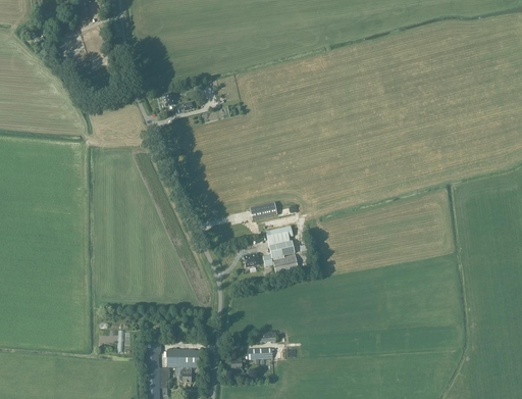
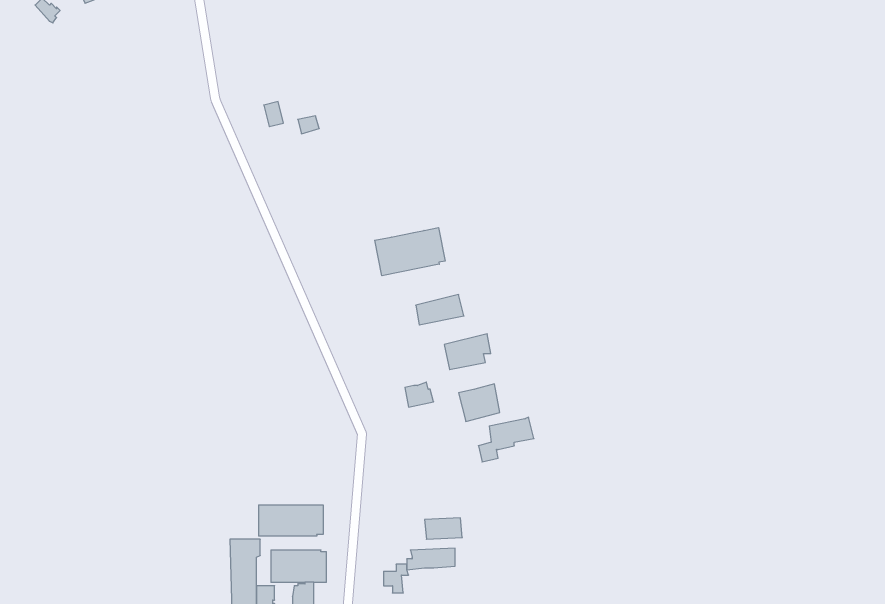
building: none -> [375,228,445,276]
building: [263,241,295,266] -> [478,417,534,462]
building: none -> [259,505,323,536]

